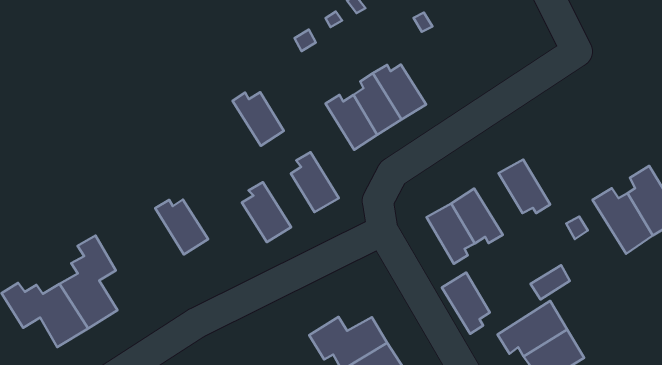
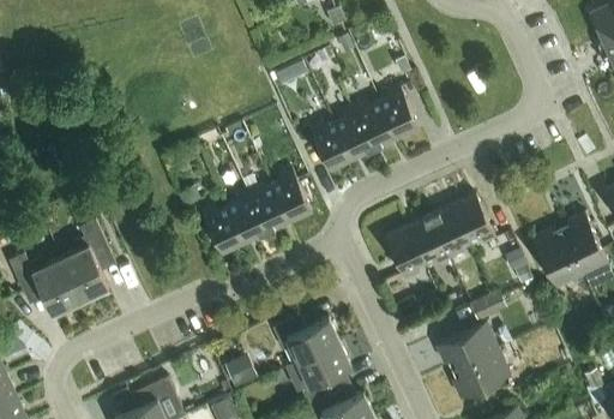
building: none -> [379,85,419,138]
building: [232,92,284,146] -> [247,184,289,232]
building: [155,199,208,254] -> [201,204,245,253]
building: [442,272,490,334] -> [431,205,470,259]

